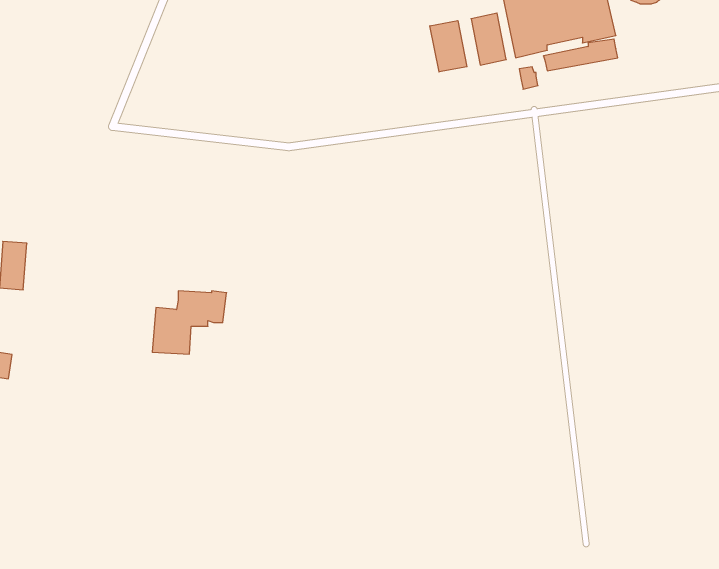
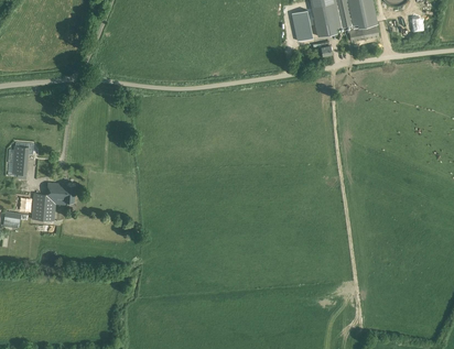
building: [430,21,467,72] -> none
building: [152,291,227,354] -> [31,184,75,221]

